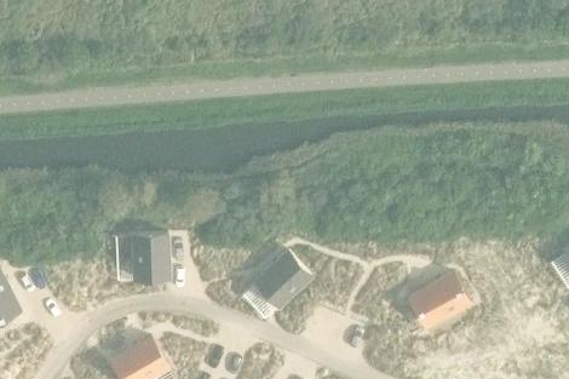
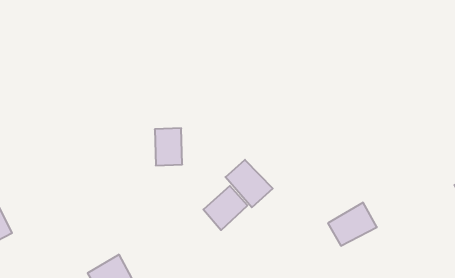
building: none -> [225,160,273,207]
building: [133,235,167,281] -> [155,128,182,165]

